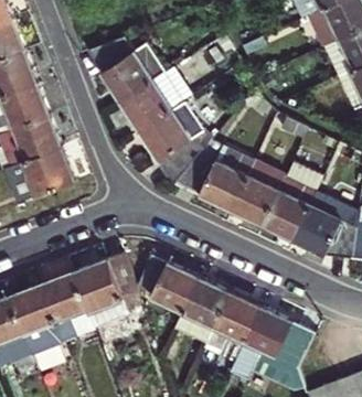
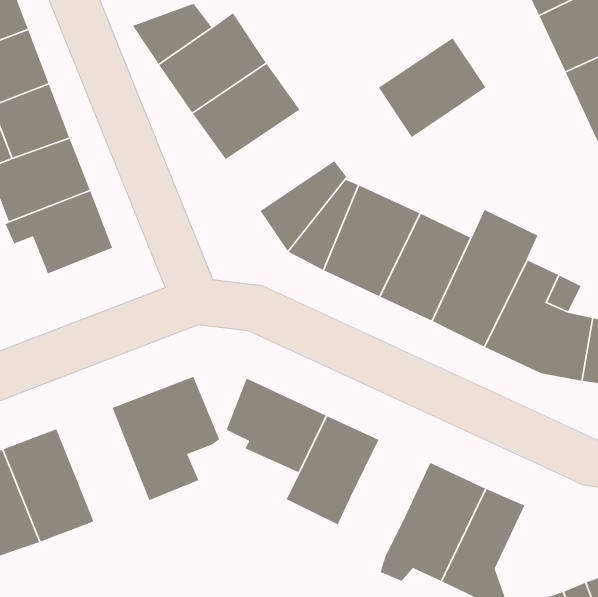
building: [138,98,202,158] -> [378,37,487,138]
building: [39,273,93,341] -> none
building: [212,292,258,361] -> none

